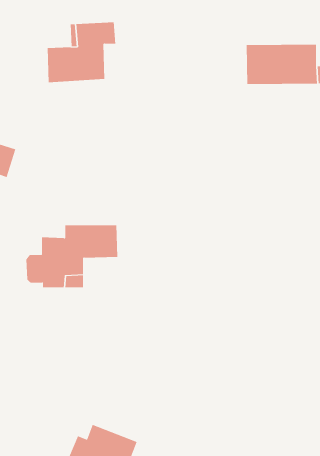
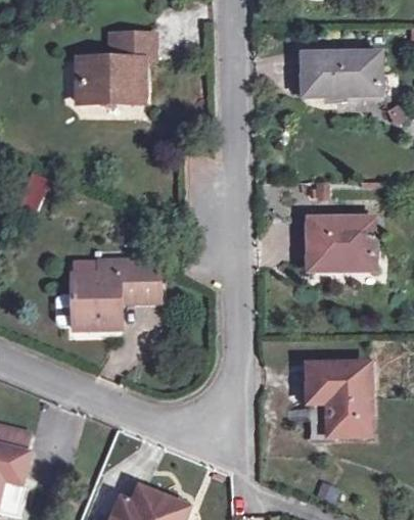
building: none -> [307,218,374,271]
building: none -> [307,367,363,434]

